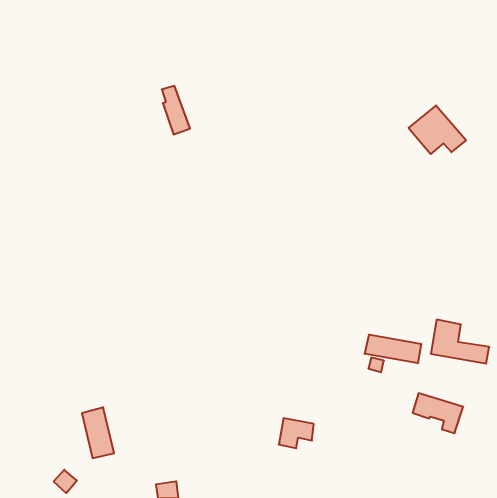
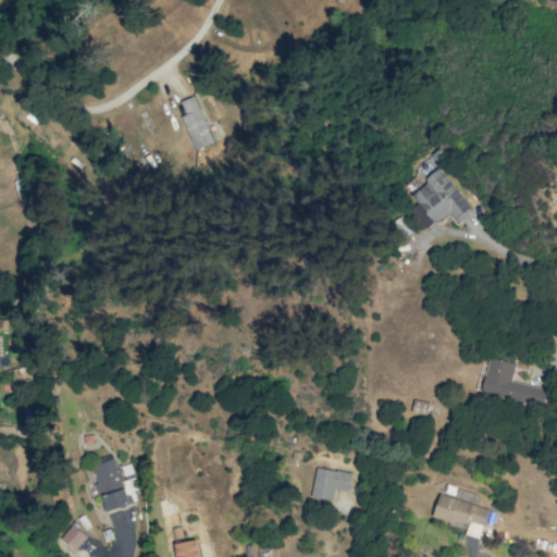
building: [409,105,466,154] -> [410,170,474,224]
building: [365,334,421,363] -> none
building: [413,393,463,433] -> [433,494,490,539]

